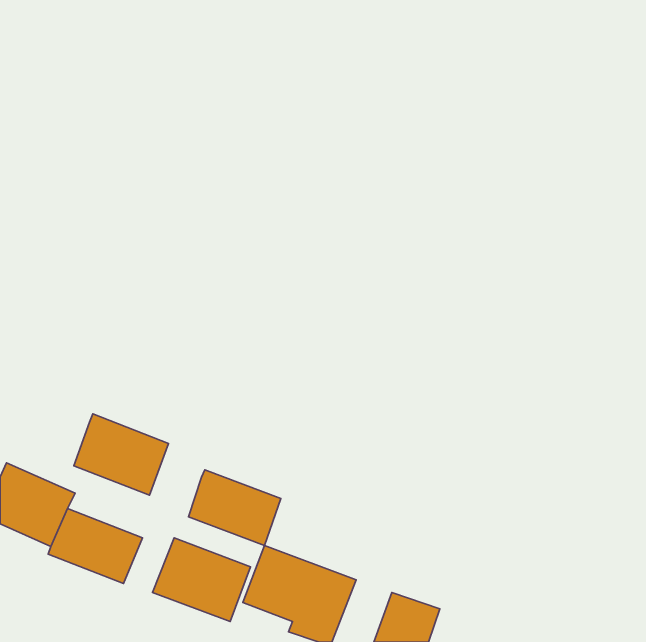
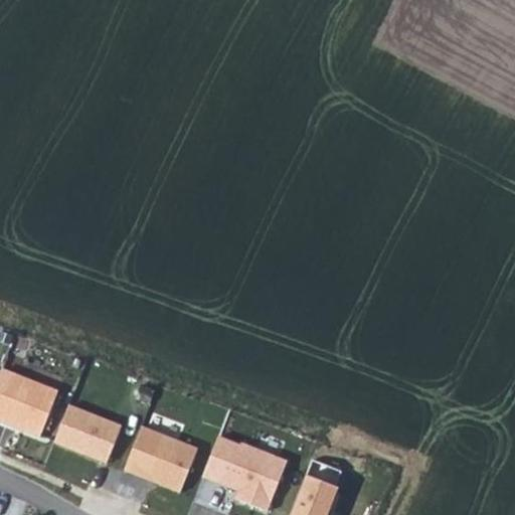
building: [74,414,169,495] -> none
building: [188,470,281,545] -> none

